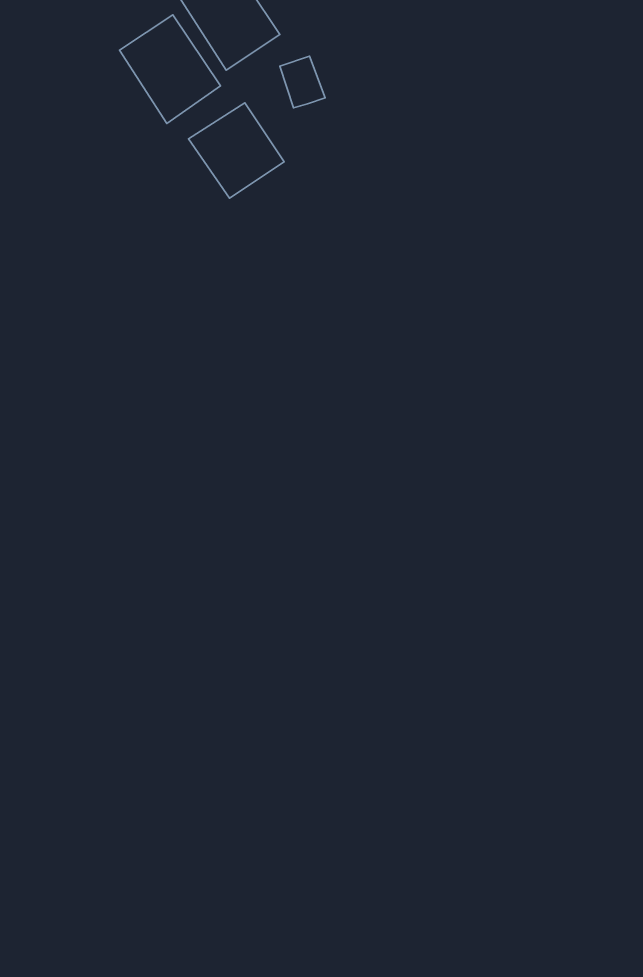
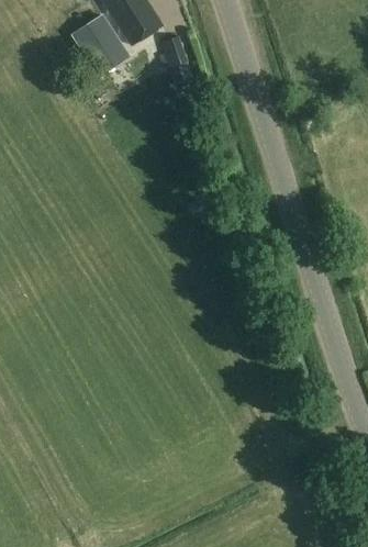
building: [188,103,284,198] -> none

